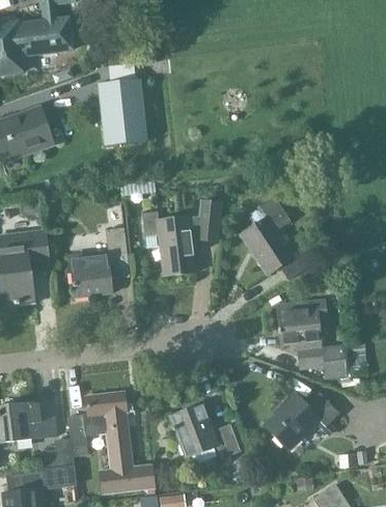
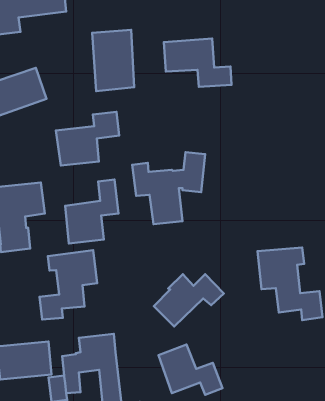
building: none -> [164,38,232,87]
building: none -> [56,112,119,166]
building: [241,196,313,280] -> none
building: none -> [40,250,97,320]
building: [264,392,338,448] -> [154,274,224,327]

